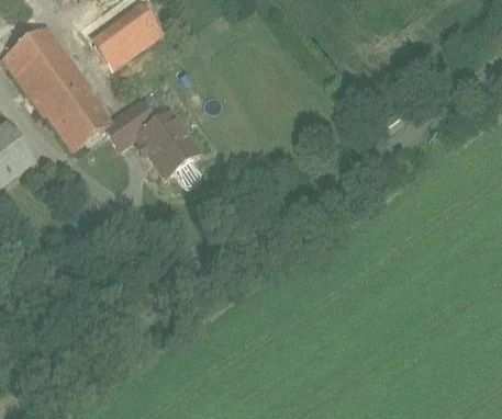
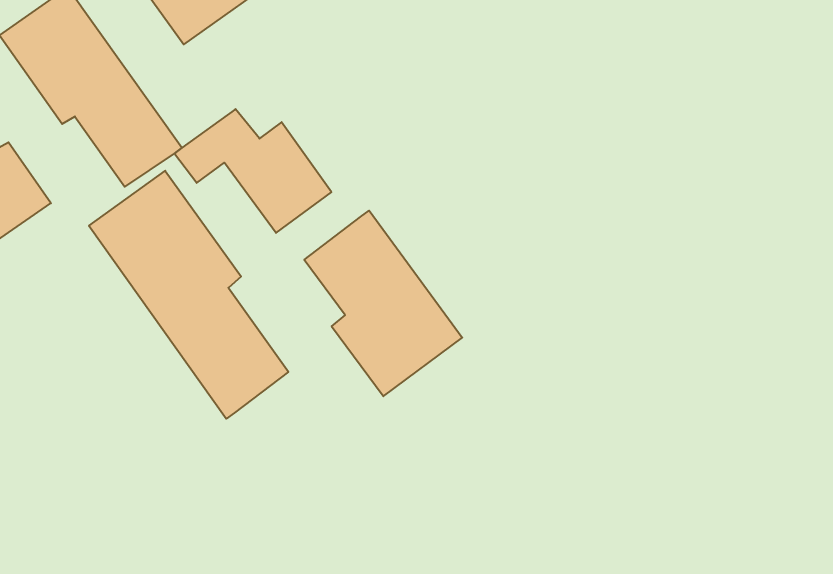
building: none -> [89,171,288,419]
building: none -> [304,211,462,396]

